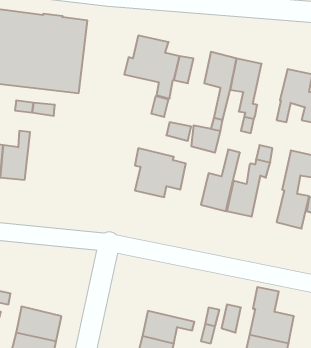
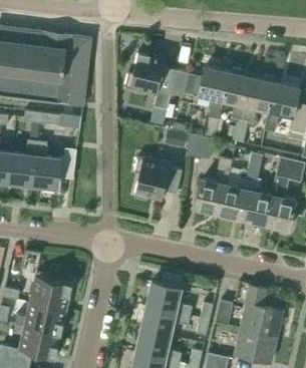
building: none -> [244,77,276,127]
building: none -> [32,140,76,188]
building: none -> [243,180,273,224]
building: none -> [29,271,72,311]
building: none -> [146,282,192,316]

